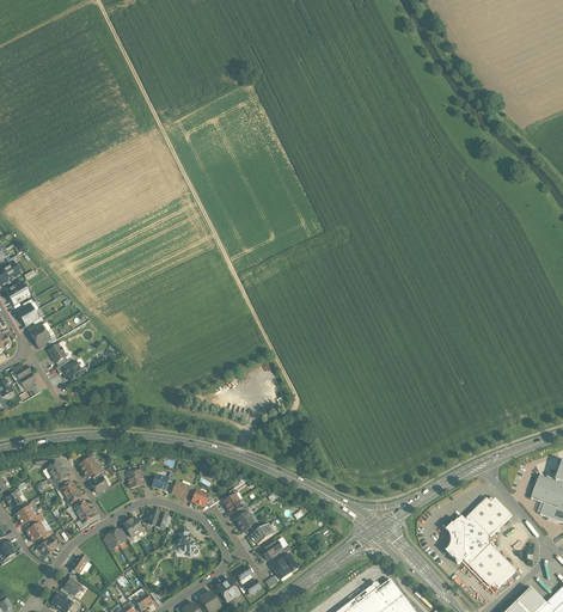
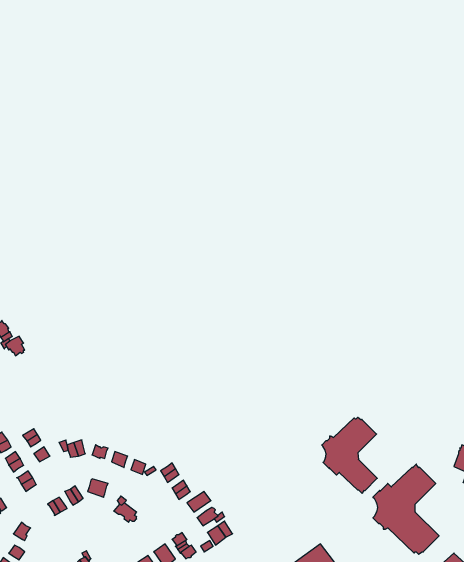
building: none -> [322,417,377,493]

